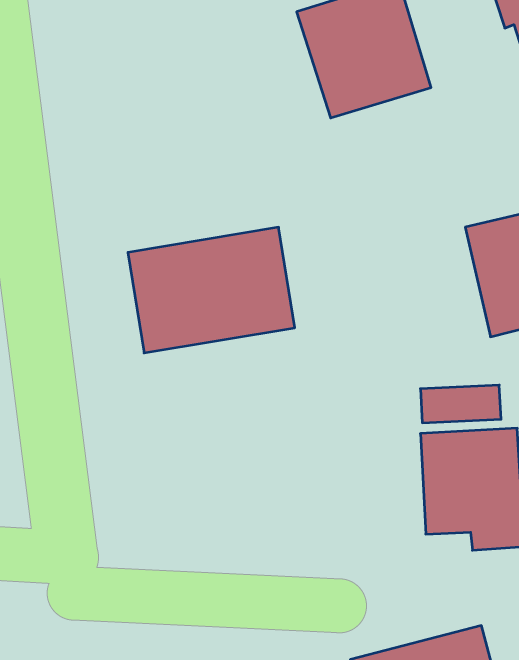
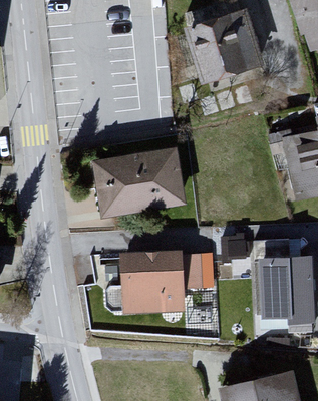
building: none -> [117,246,213,310]

